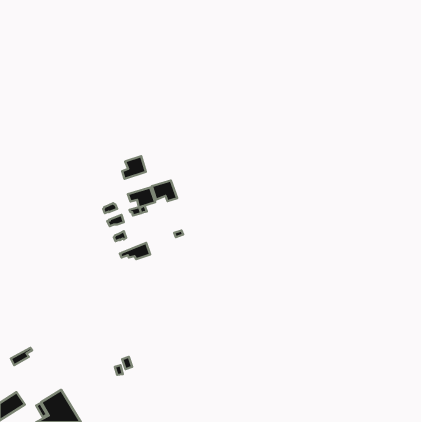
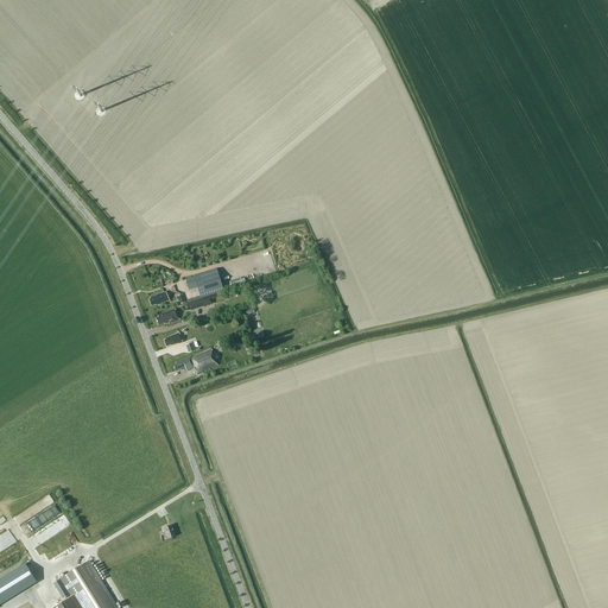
building: [122,156,146,179] -> none
building: [152,180,177,201] -> none

